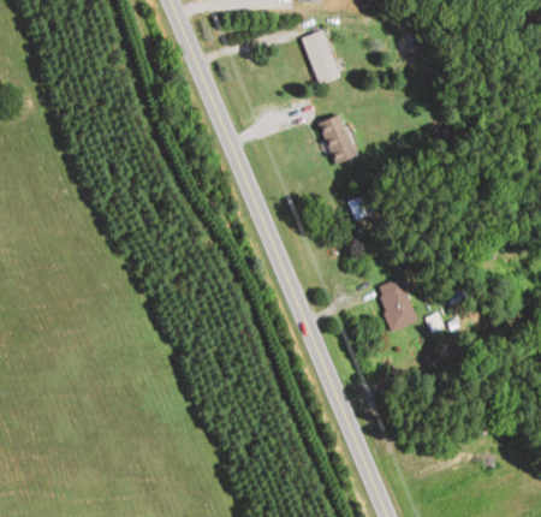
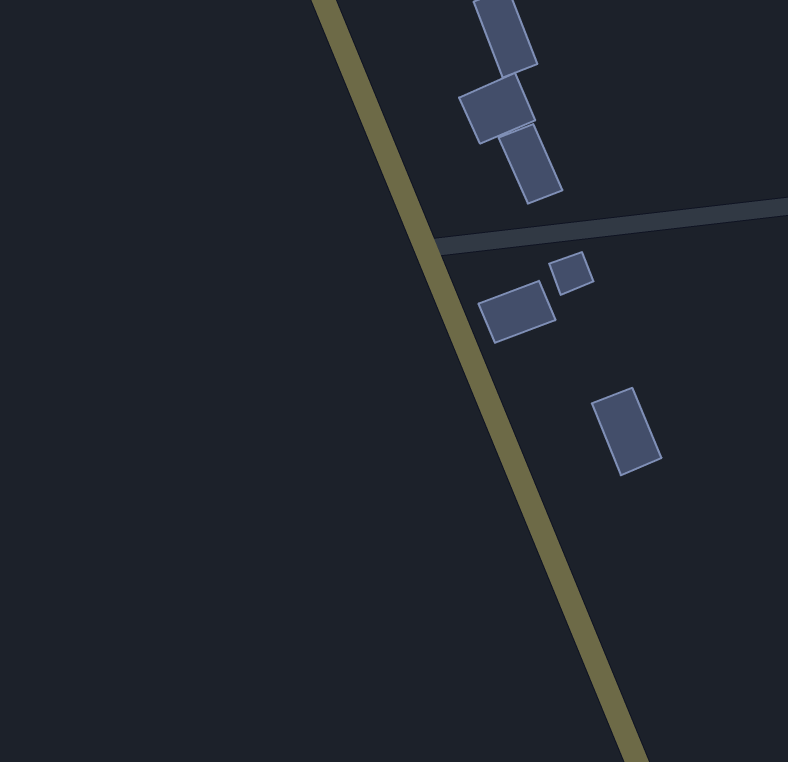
building: none -> [459,73,535,144]
building: none -> [479,281,555,343]

